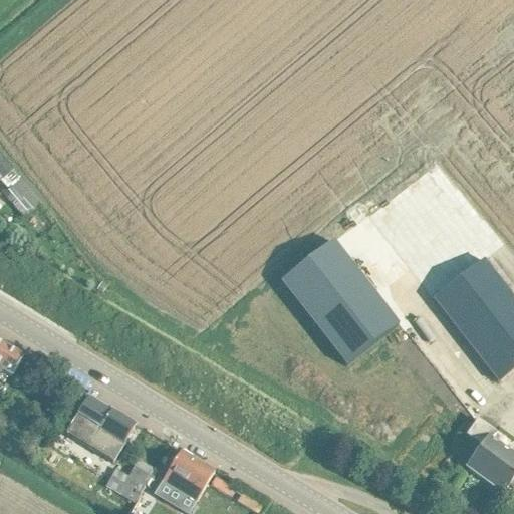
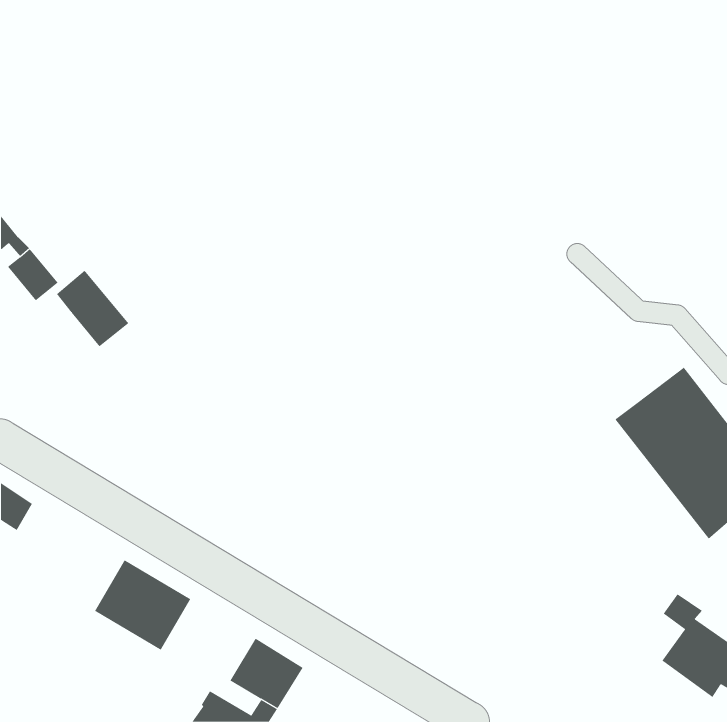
building: none -> [56,270,129,347]
building: [282,239,399,363] -> none
building: [105,457,154,500] -> none

